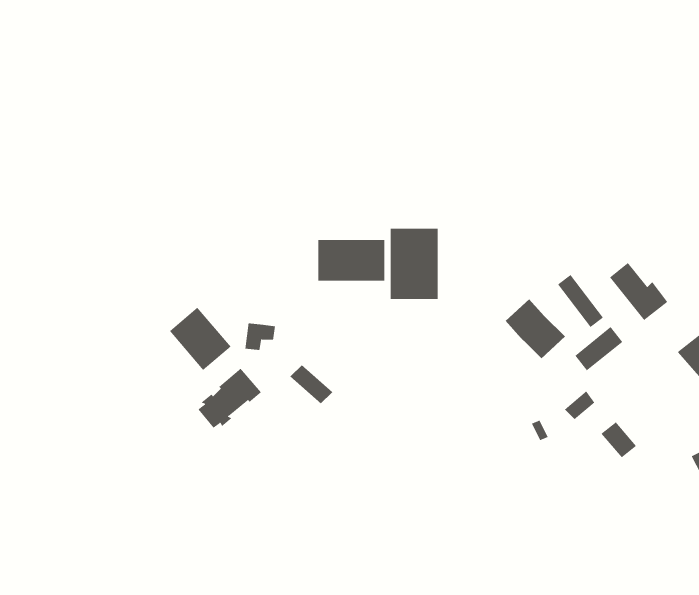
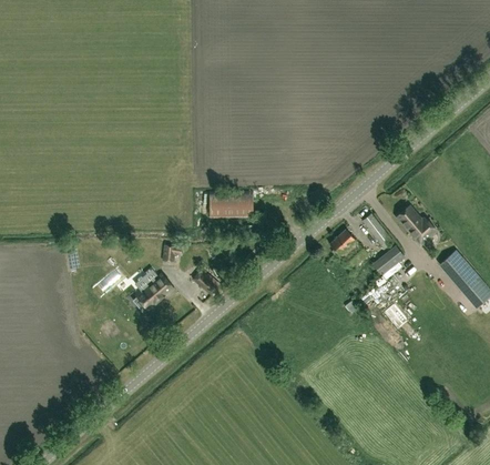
building: [390,228,438,300] -> none
building: [169,307,231,371] -> none

